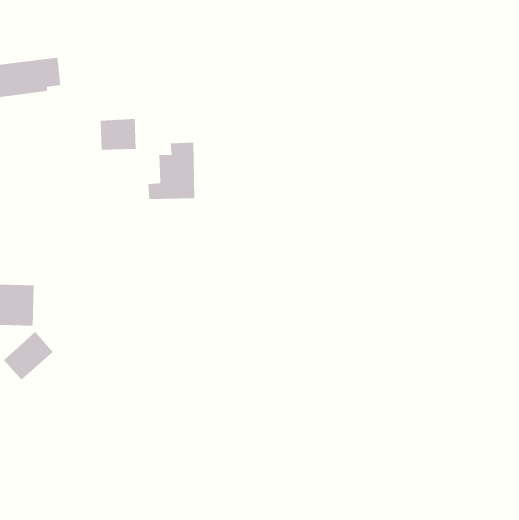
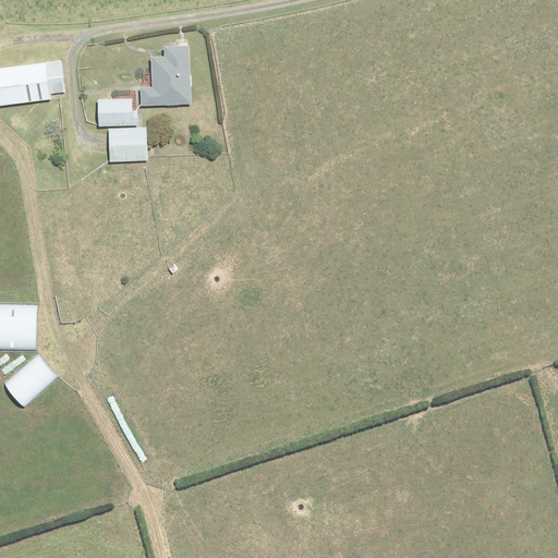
building: none -> [97,98,136,125]
building: [147,142,195,200] -> [138,43,190,105]

